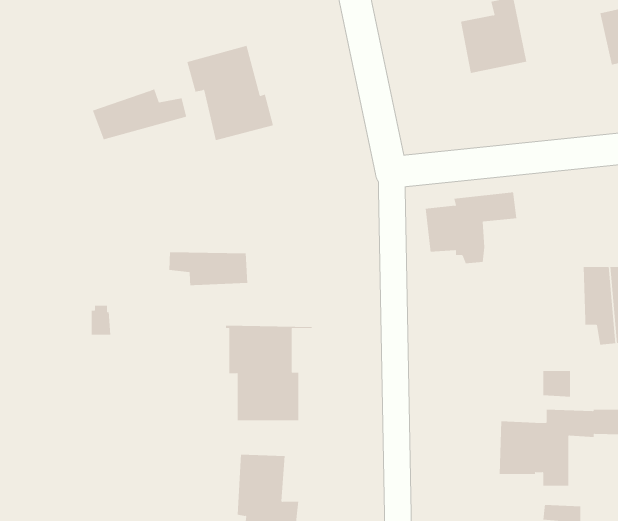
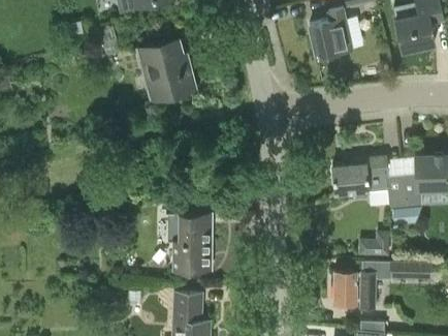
building: [92,89,187,140] -> none
building: [425,192,517,264] -> [331,156,388,201]
building: [169,251,248,286] -> none

